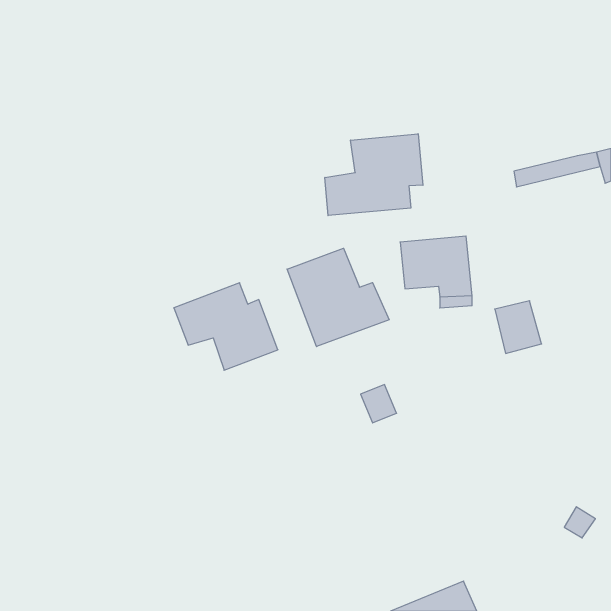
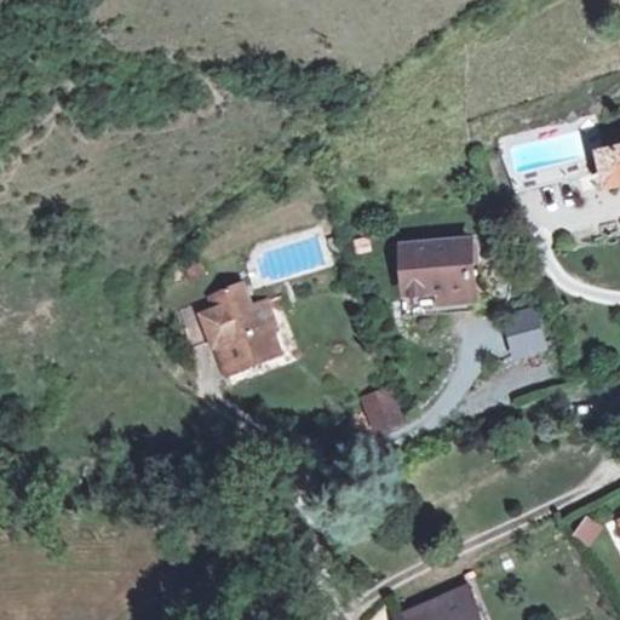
building: [325,134,423,216] -> none
building: [287,248,389,347] -> none

